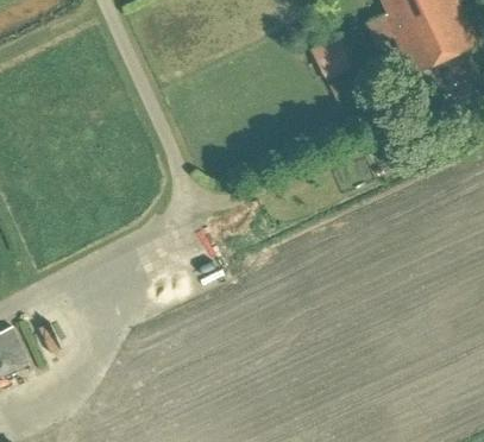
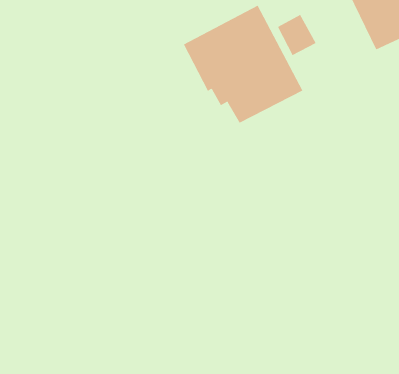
building: none -> [183,5,303,123]

